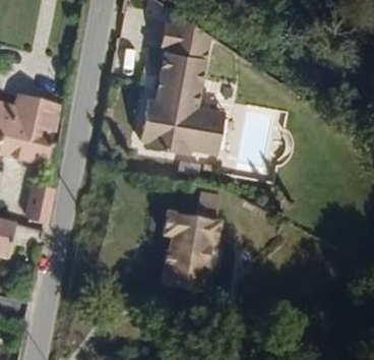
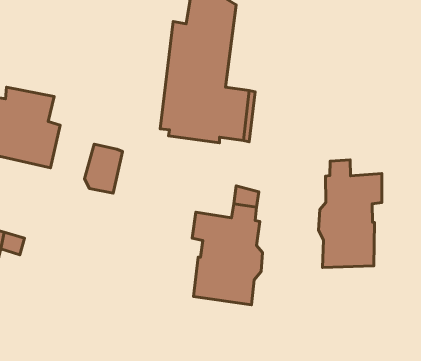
building: none -> [318,160,382,268]
building: [18,182,51,224] -> [85,144,123,193]

